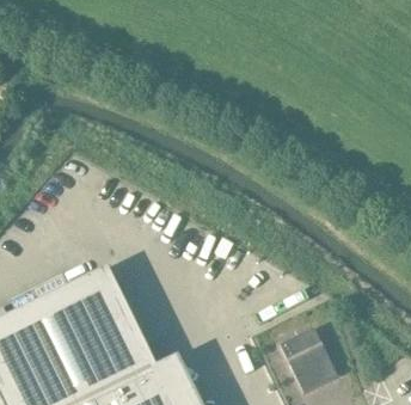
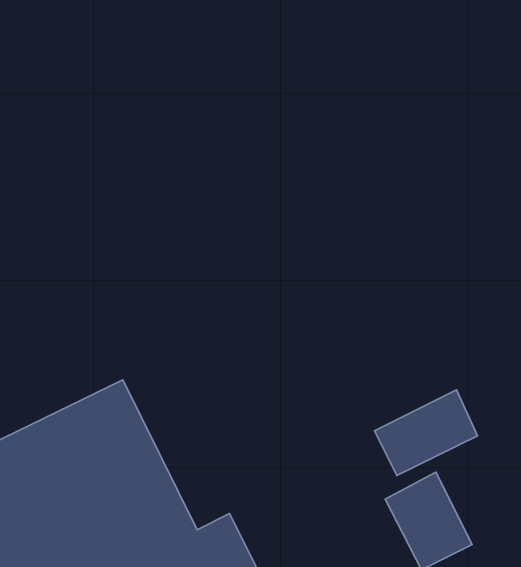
building: none -> [374,390,477,475]

